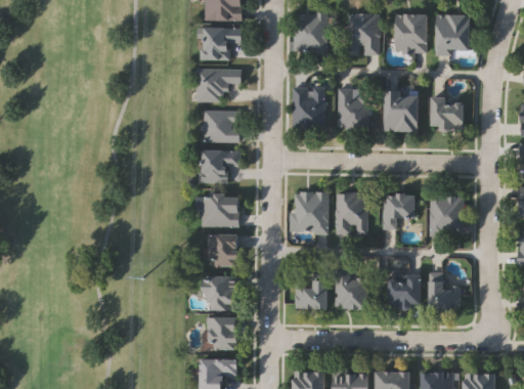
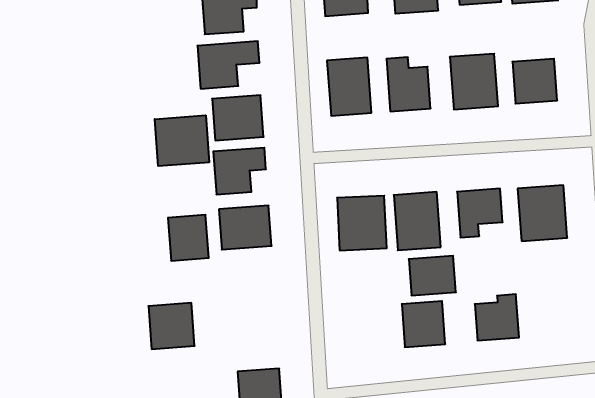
building: none -> [155,115,209,166]
building: [210,233,238,266] -> [168,215,209,261]
building: [206,276,238,309] -> [148,303,195,349]
building: [295,280,329,308] -> [409,256,456,295]
building: [430,282,460,310] -> none

